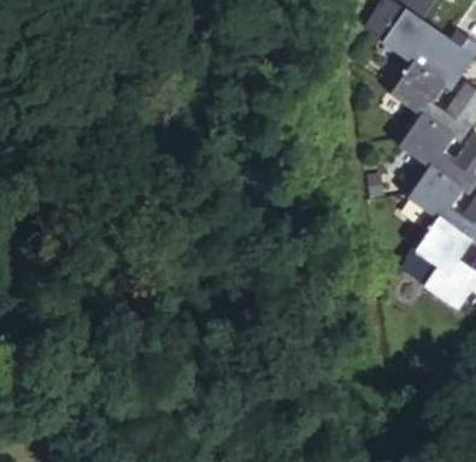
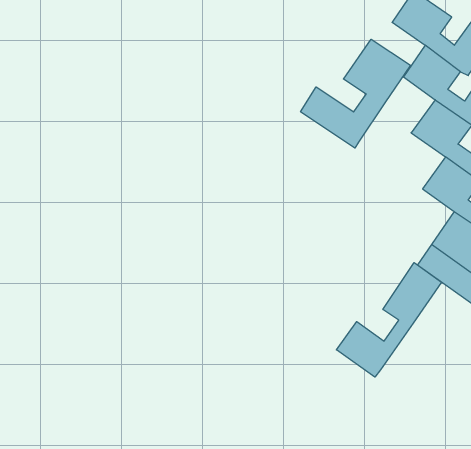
building: none -> [301,39,411,148]
building: none -> [336,263,441,377]

